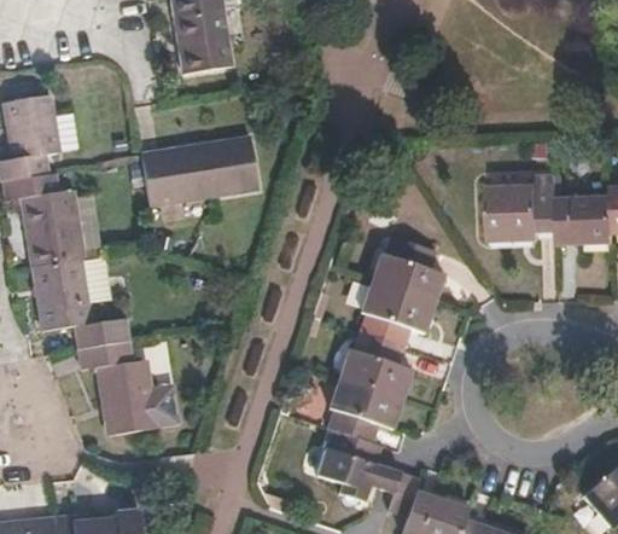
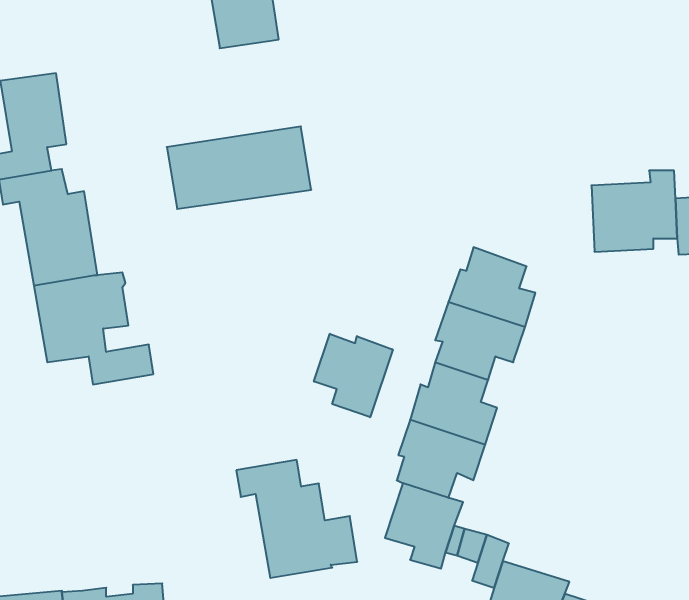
building: none -> [314,334,393,417]
building: [80,341,179,437] -> [236,460,357,578]

